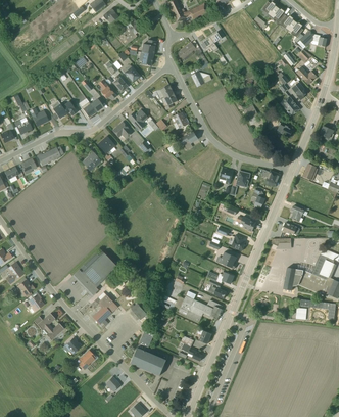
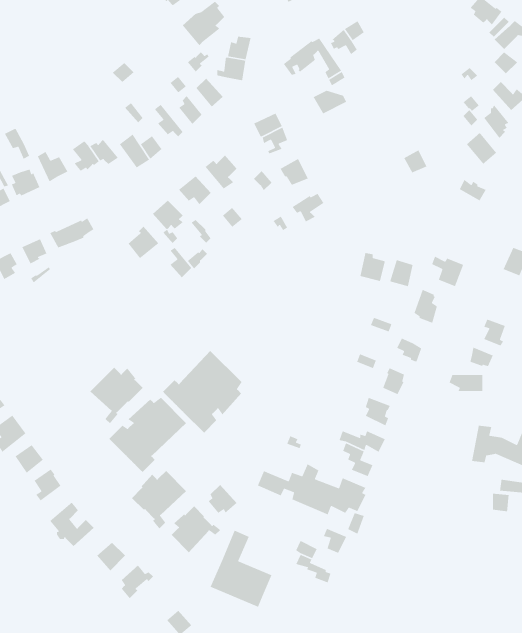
building: none -> [161,350,242,434]
building: none -> [90,367,144,424]
building: none -> [171,506,221,553]

